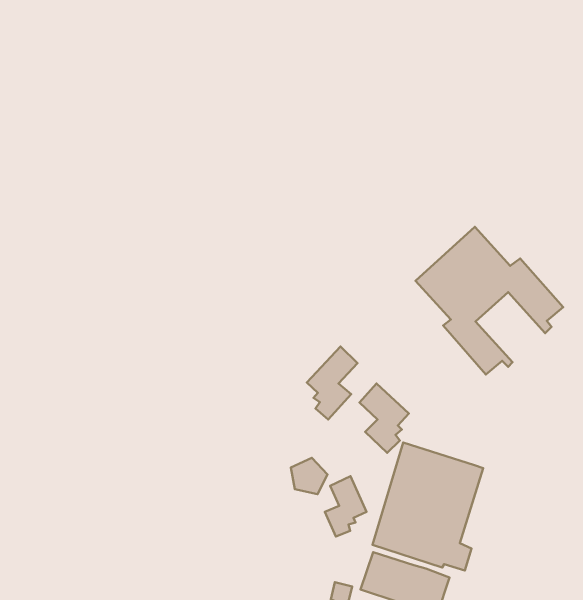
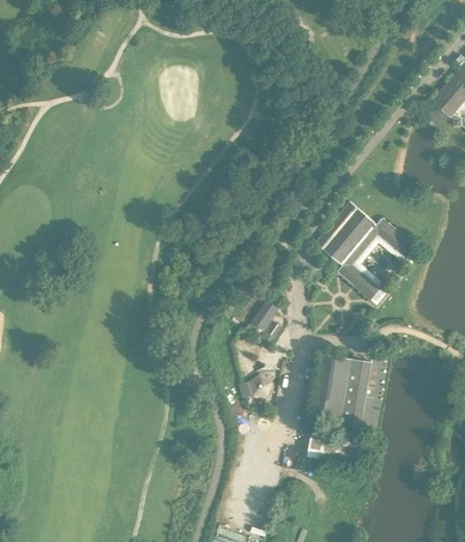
building: [360,384,409,453] -> none
building: [325,476,366,537] -> none

